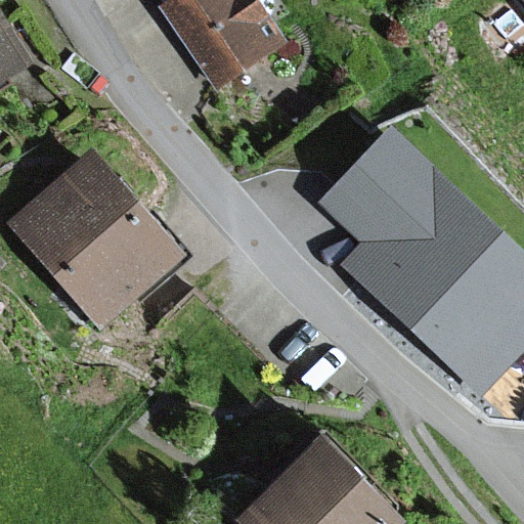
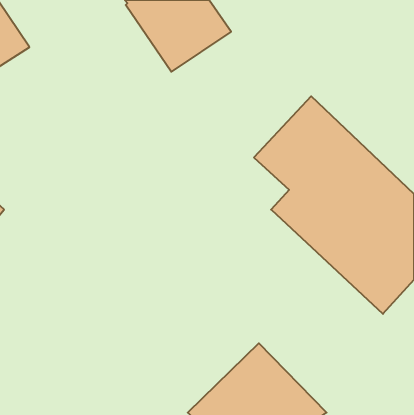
building: [5,145,188,331] -> none

